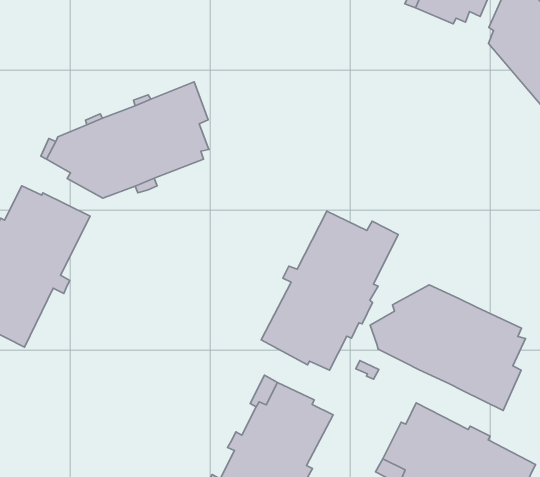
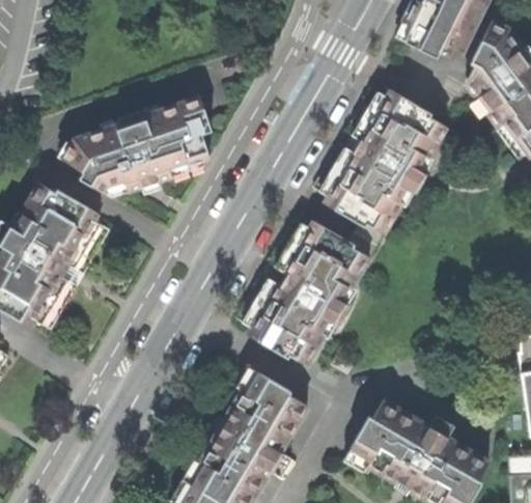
building: none -> [324,88,447,245]
building: [370,285,525,410] -> none

